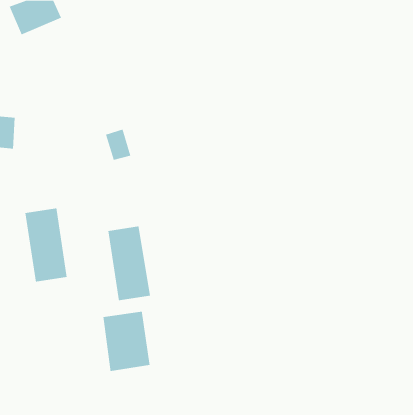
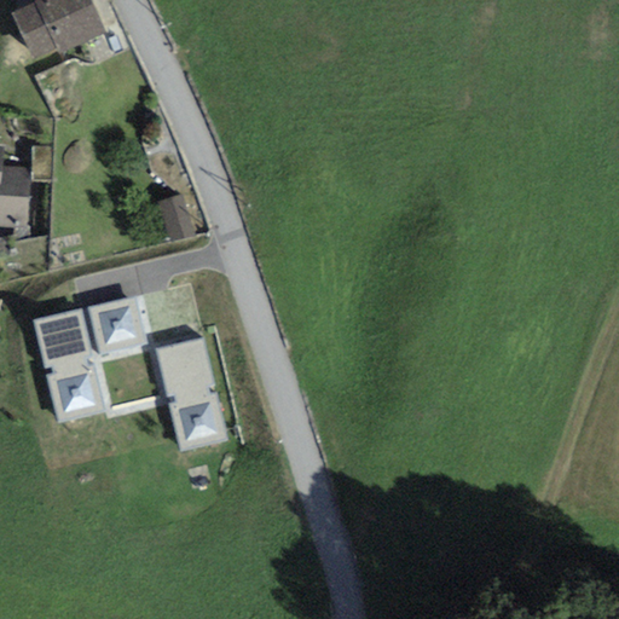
building: none -> [87,295,146,351]
building: [103,311,150,372] -> none

